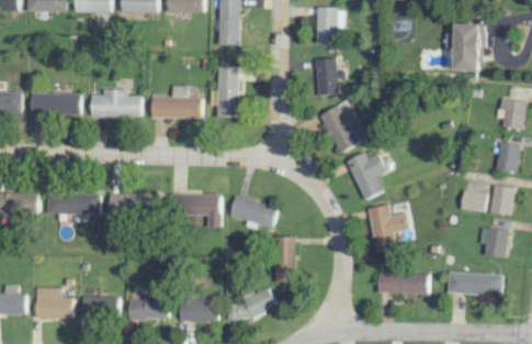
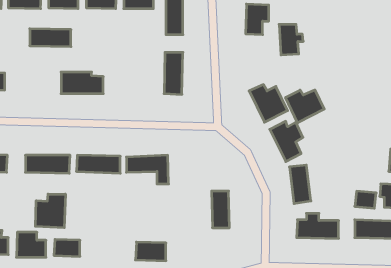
building: [445,23,482,70] -> none
building: [315,57,344,95] -> [279,24,303,55]
building: [149,86,202,119] -> none
building: [30,92,80,114] -> [30,29,71,47]
building: none -> [286,90,324,123]
building: [461,190,487,211] -> [355,191,376,208]
building: [229,196,279,228] -> none
building: none -> [35,194,65,228]
building: [224,286,276,324] -> none
building: [127,297,169,320] -> none

